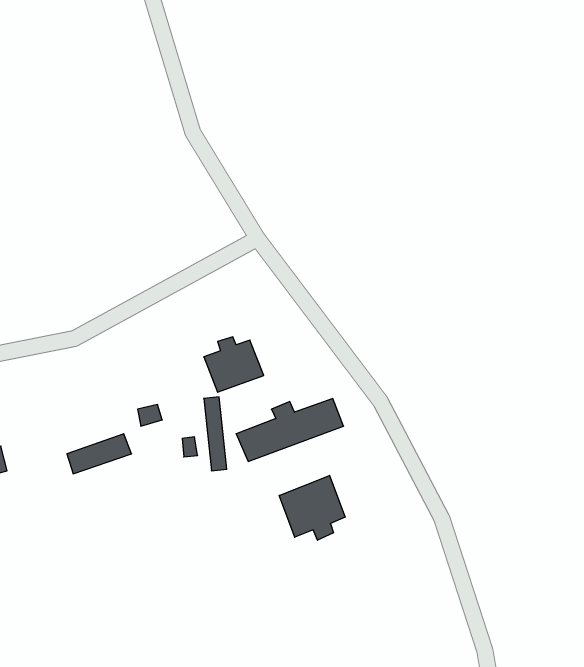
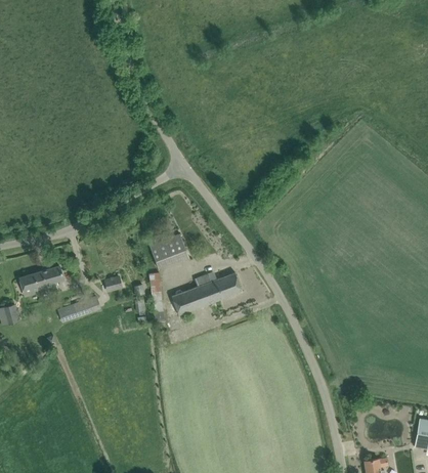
building: none -> [19,266,63,295]
building: [279,475,345,540] -> none

